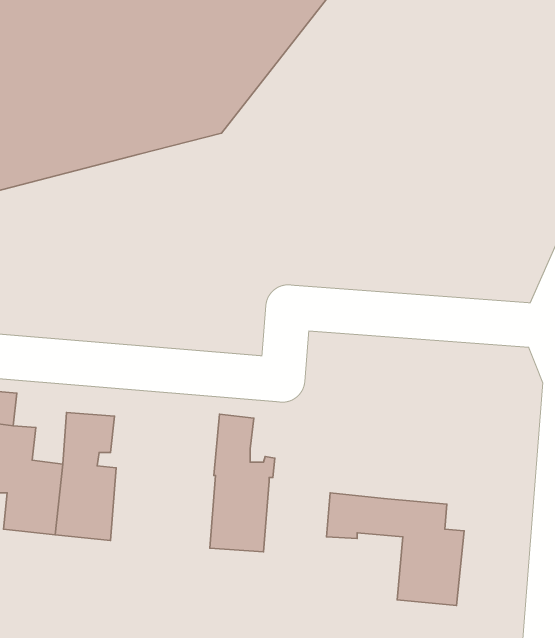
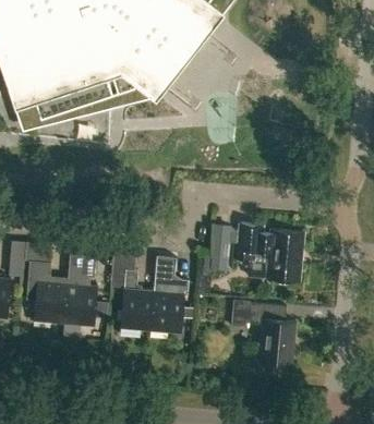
building: none -> [237,222,305,280]
building: none -> [202,225,230,274]
building: none -> [111,251,155,330]

